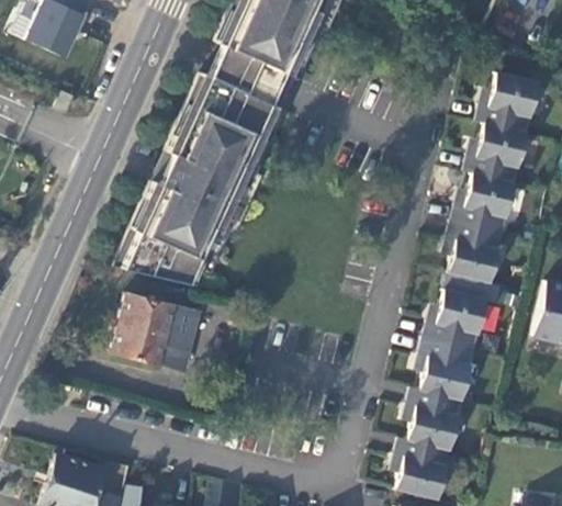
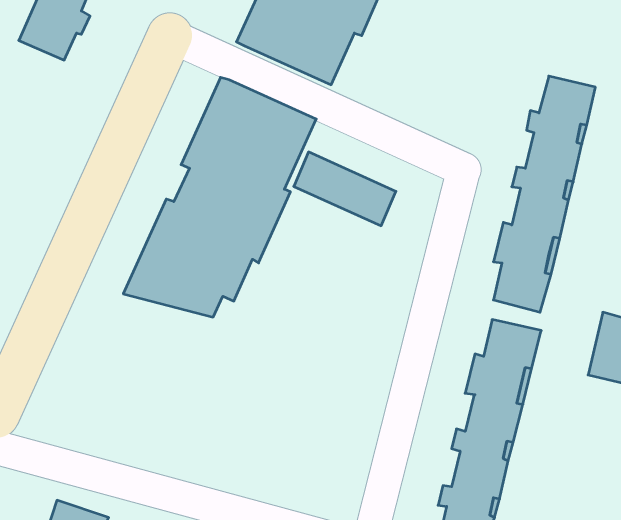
building: [211,44,302,110] -> [294,152,396,226]
building: [109,294,198,368] -> none

